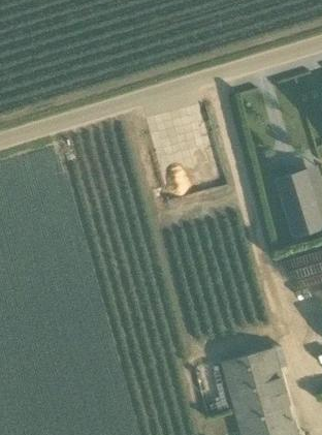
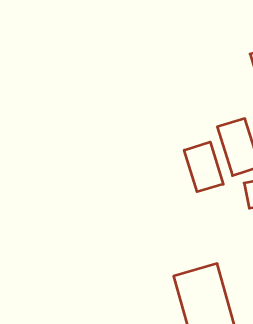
building: none -> [184,142,223,192]

